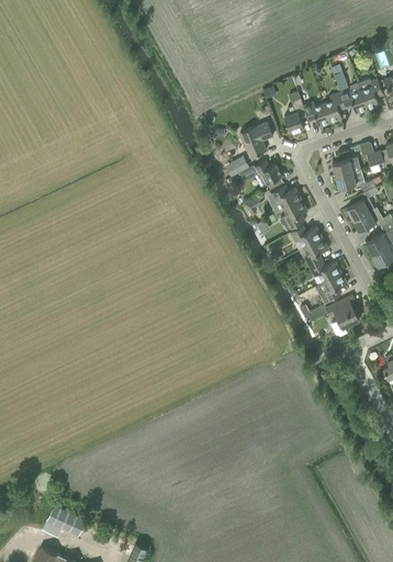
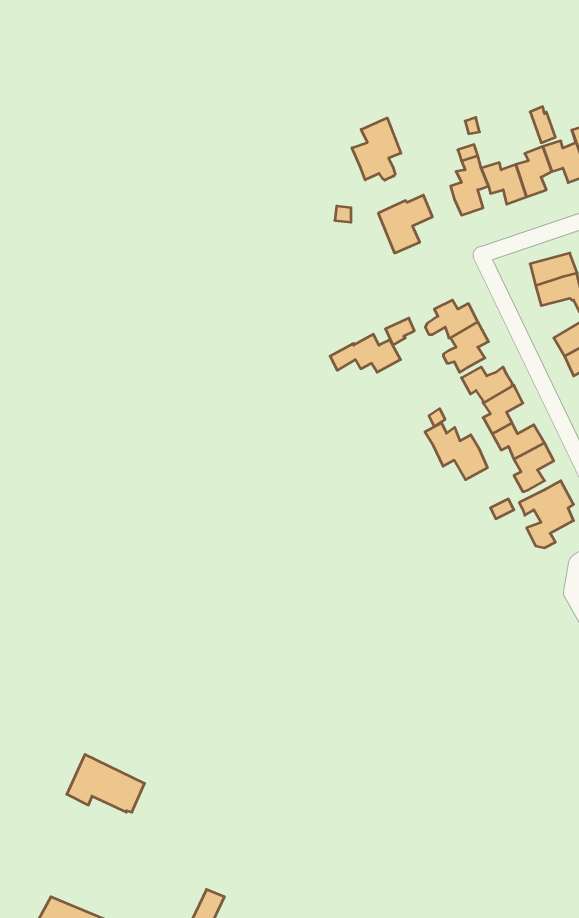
building: none -> [352,118,401,180]
building: [239,159,282,182] -> [330,334,401,372]
building: none -> [425,423,487,480]
building: [44,505,91,540] -> [67,754,145,812]

